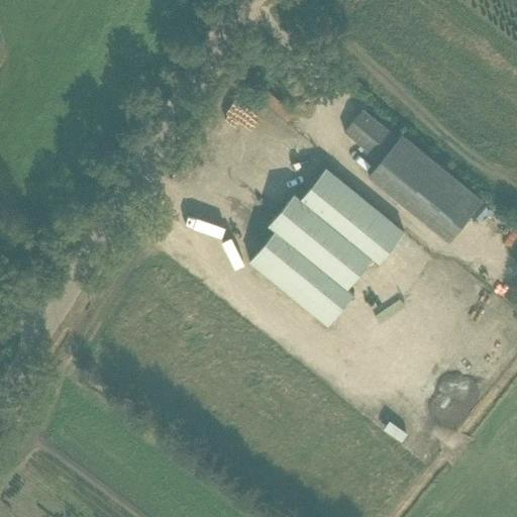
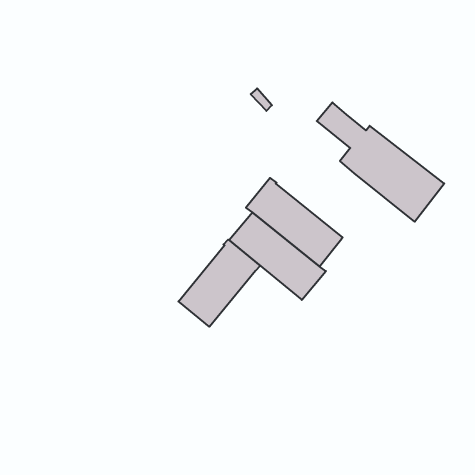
building: [300,169,405,265] -> none
building: none -> [178,240,260,327]

